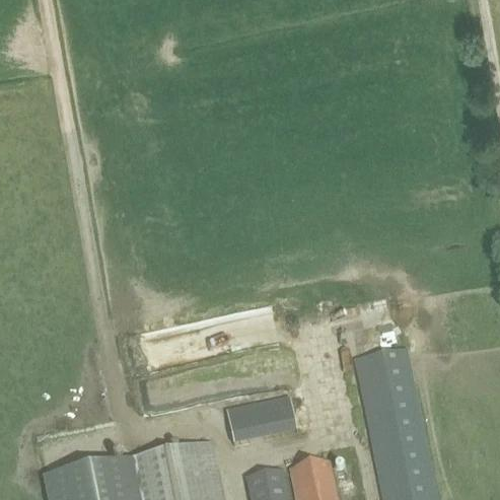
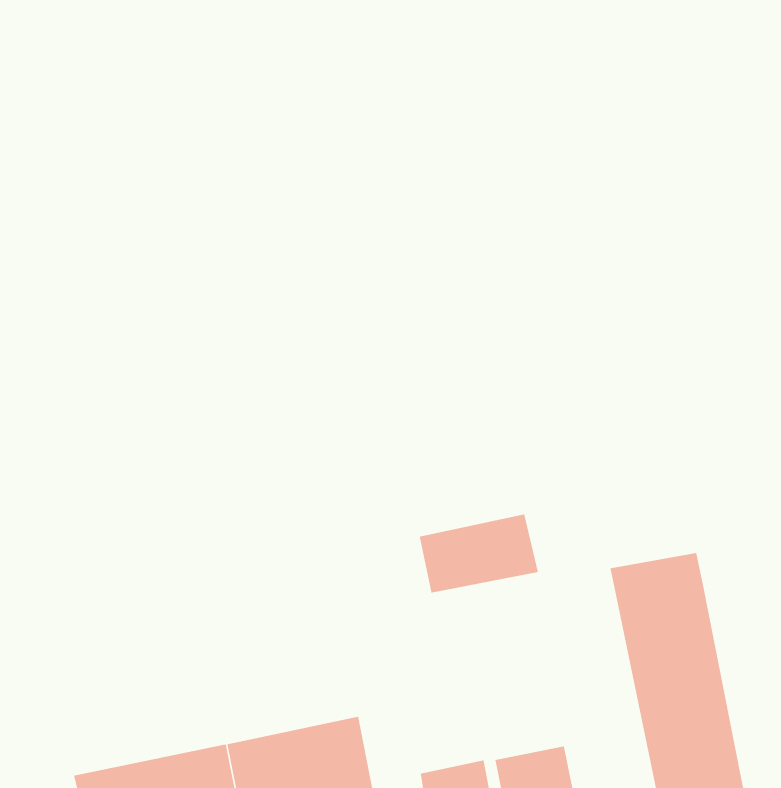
building: [227,397,297,443] -> [419,513,539,593]

